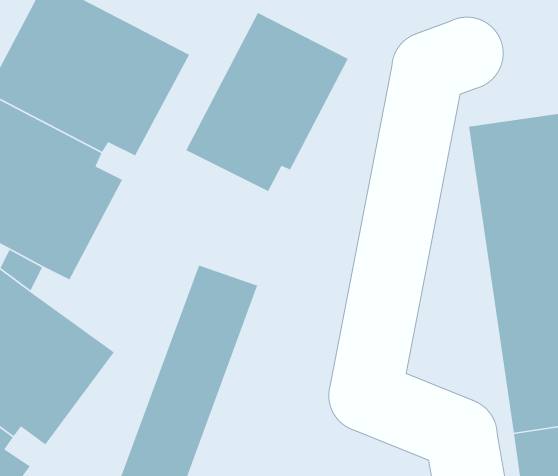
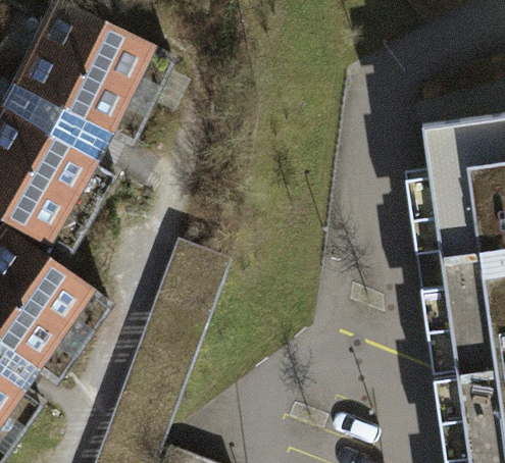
building: [185,12,349,192] -> none

